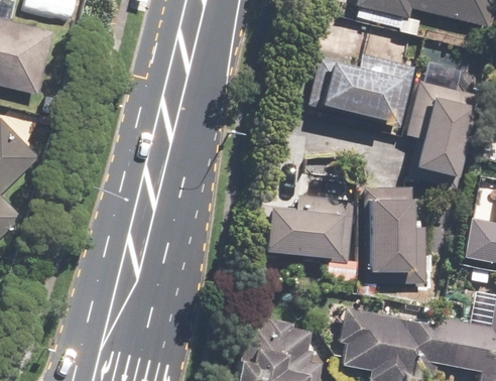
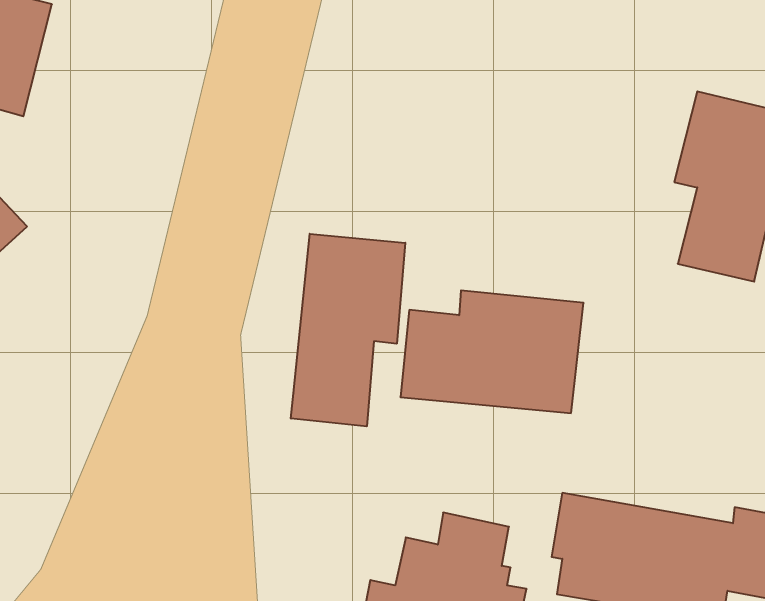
building: [309,55,414,126] -> none
building: none -> [291,234,405,426]
building: [363,185,428,286] -> none

